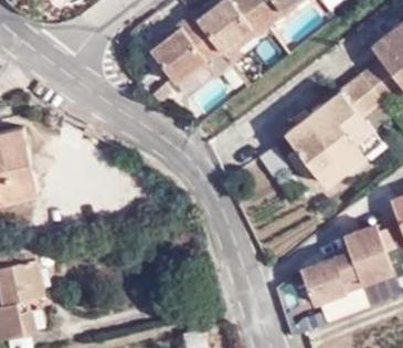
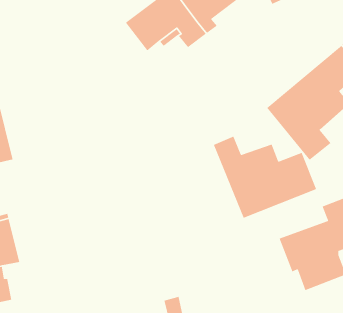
building: none -> [213,135,317,219]

